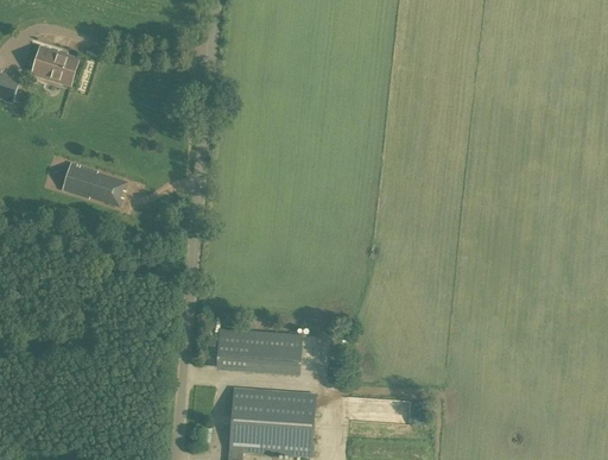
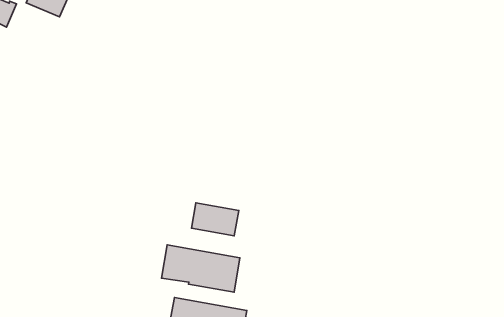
building: [62,163,125,204] -> none
building: none -> [191,203,239,236]

